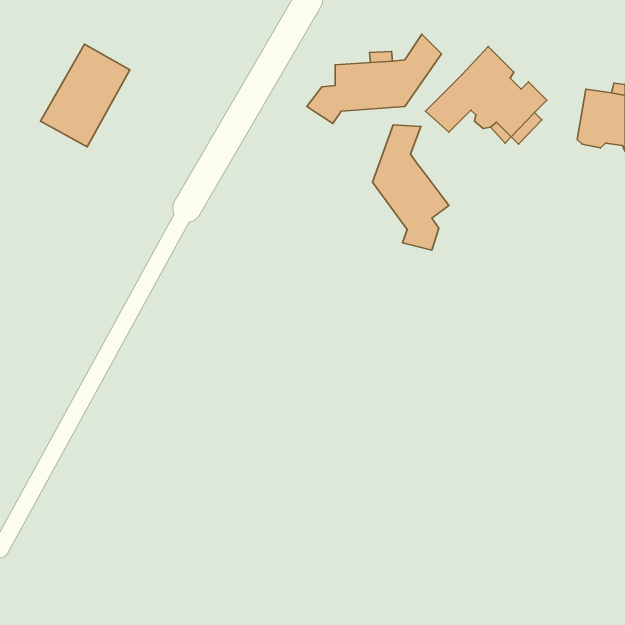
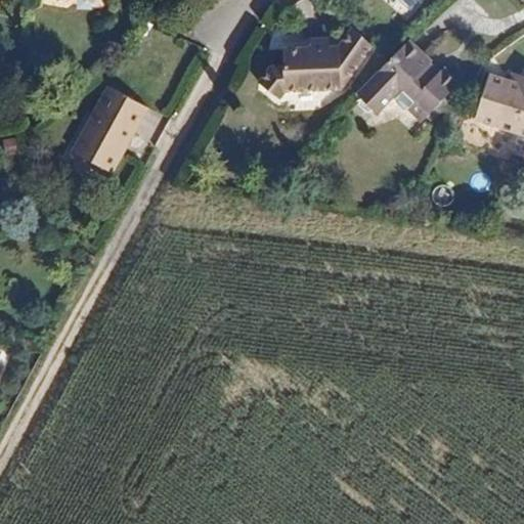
building: [41,44,130,147] -> [71,88,145,174]
building: [373,125,449,250] -> none

